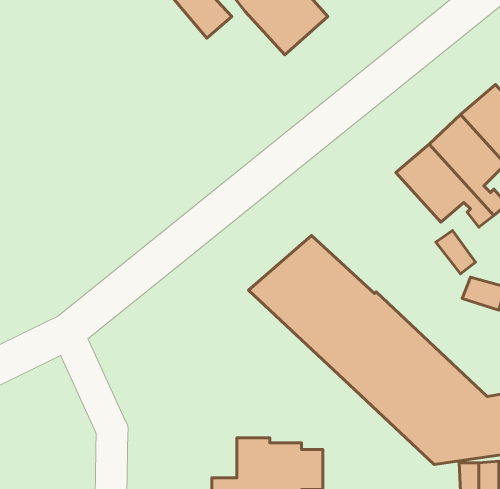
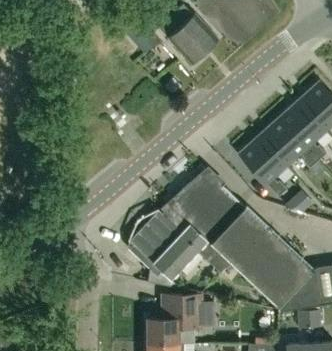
building: none -> [238,134,285,196]
building: none -> [128,205,230,280]

